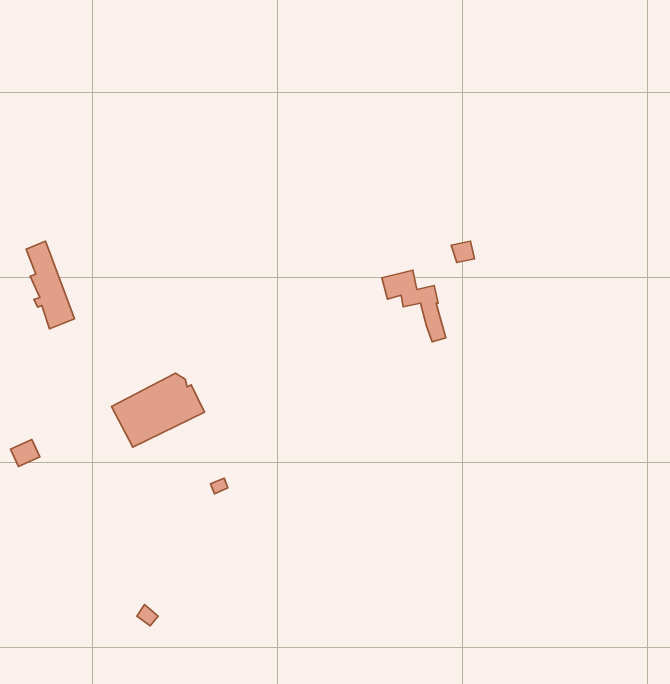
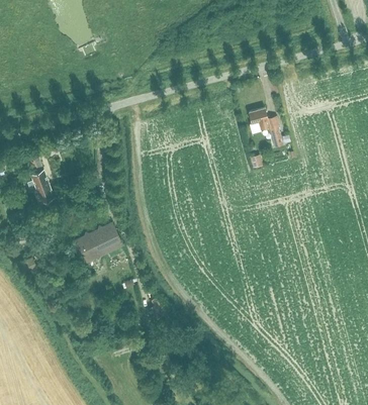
building: [382,270,446,342] -> [249,109,282,146]

